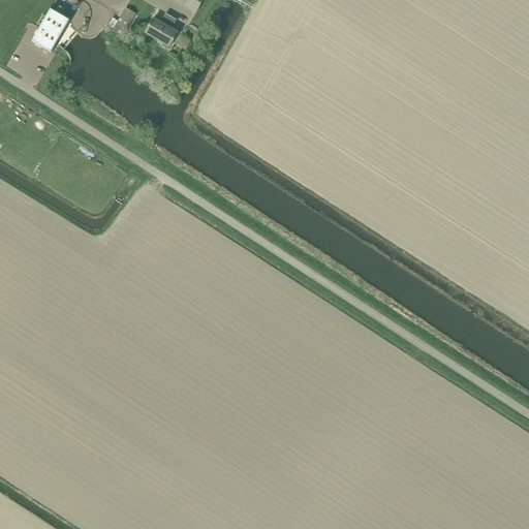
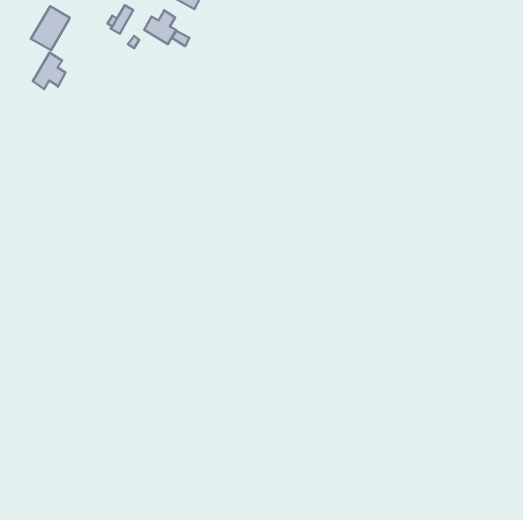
building: none -> [33,52,66,89]

